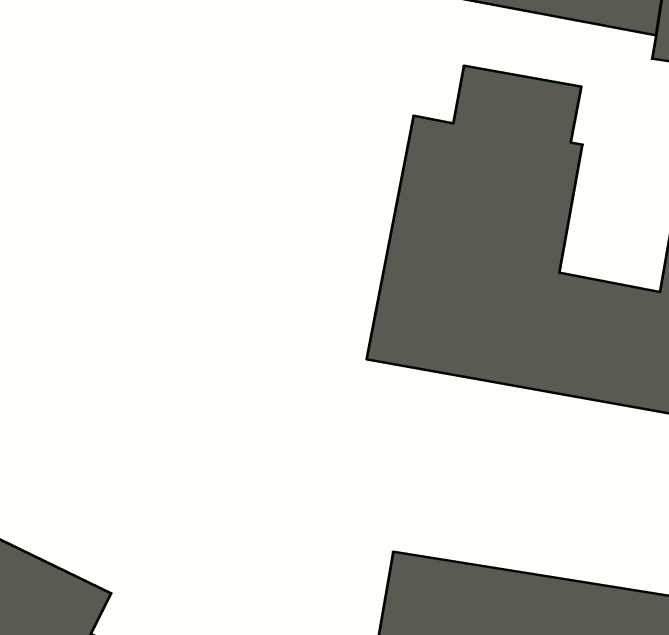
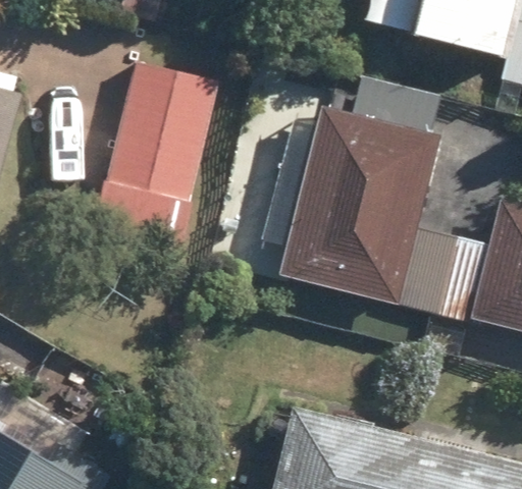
building: none -> [97,38,229,248]

